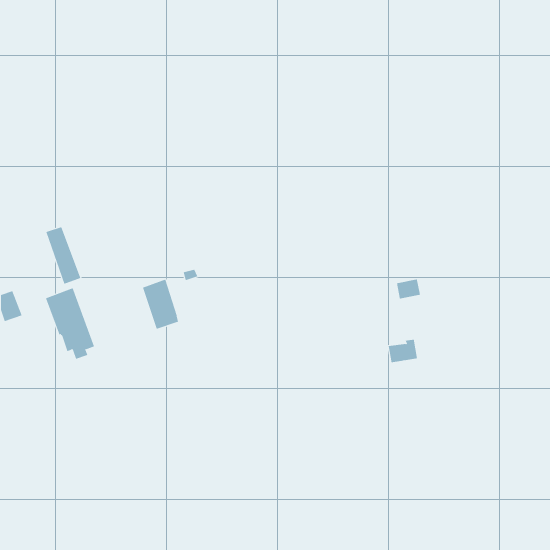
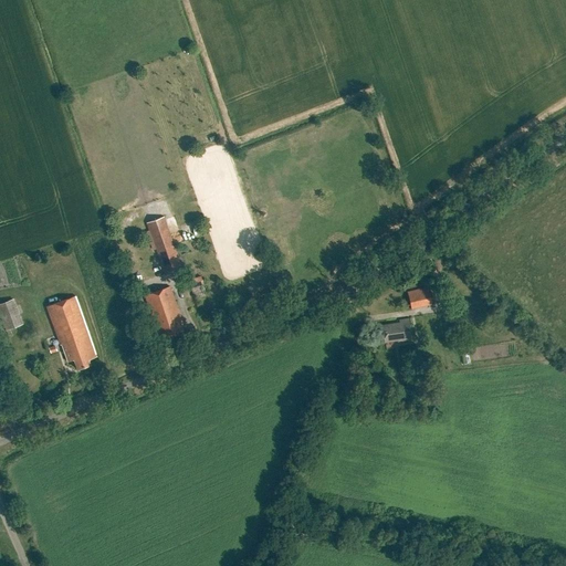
building: [46,226,81,285] -> [146,217,182,276]
building: [388,339,418,363] -> [381,317,412,342]

